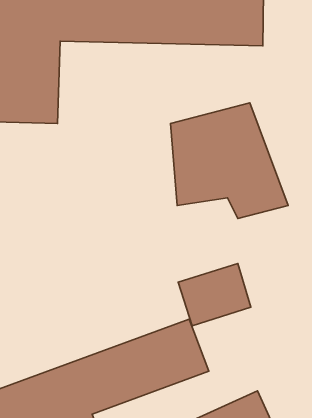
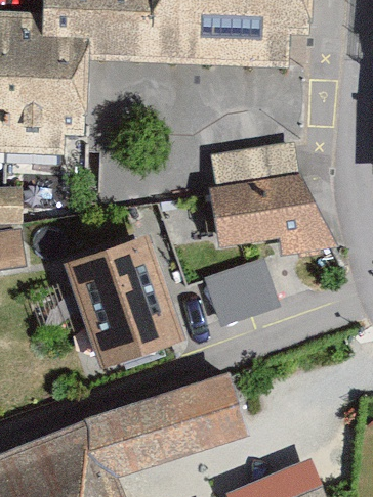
building: none -> [60,230,183,365]
building: [178,263,251,326] -> [197,255,277,323]

